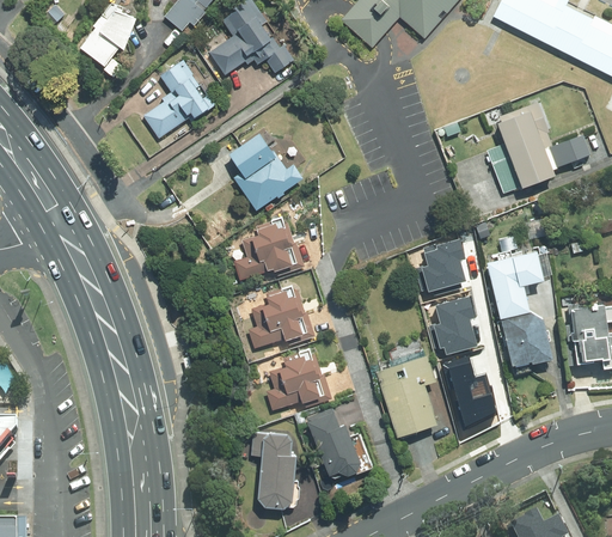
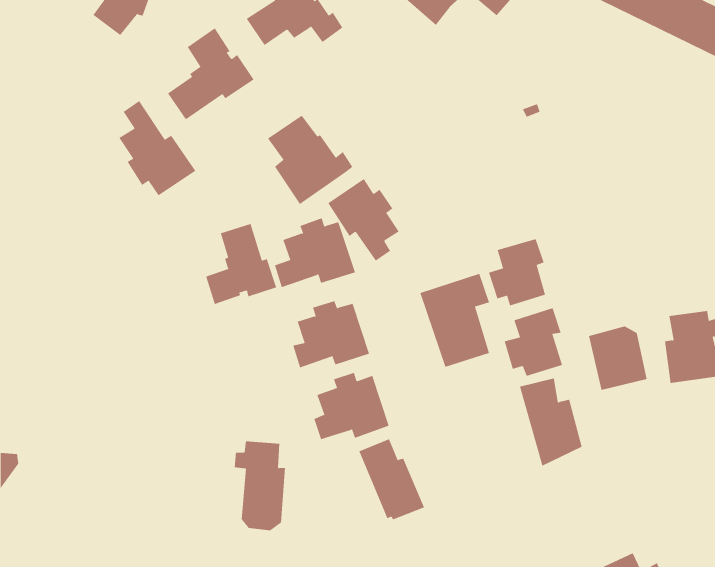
building: [488,102,590,193] -> none
building: none -> [119,100,196,196]
building: none -> [327,178,399,262]
building: none -> [206,223,277,305]
building: [485,250,543,318] -> none
building: [375,355,435,435] -> [419,273,490,367]
building: [251,432,295,508] -> [234,441,286,531]

